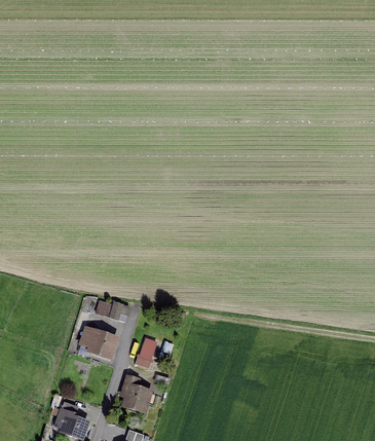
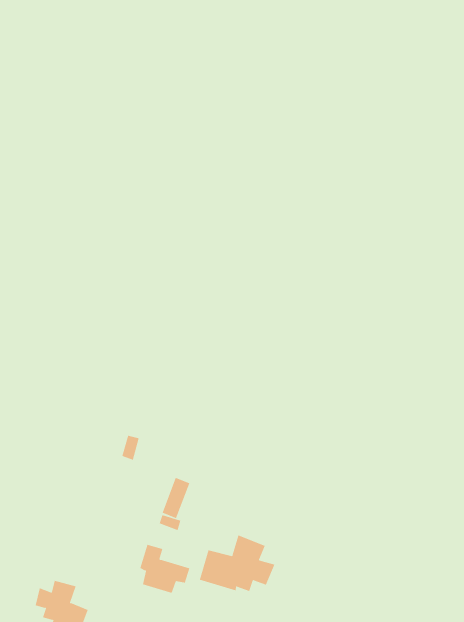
building: [81,329,117,358] -> none
building: none -> [199,534,275,592]

